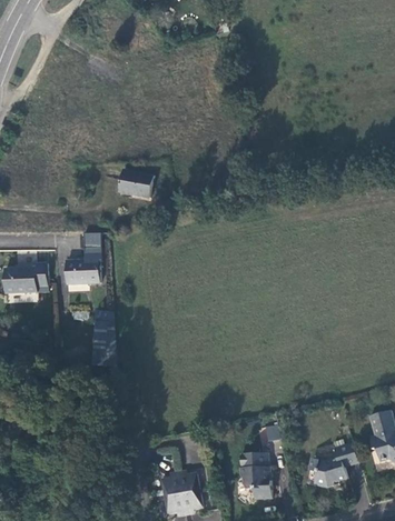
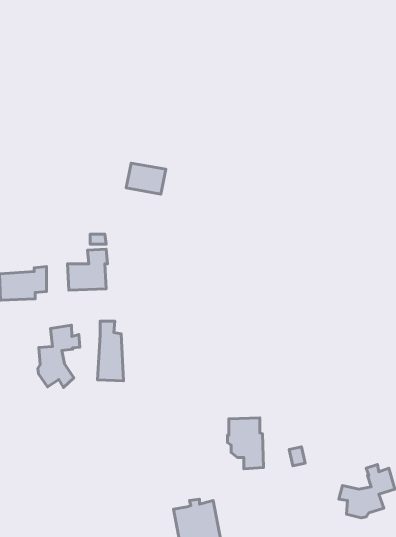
building: none -> [38,325,80,388]
building: [239,452,271,498] -> [228,418,264,469]

